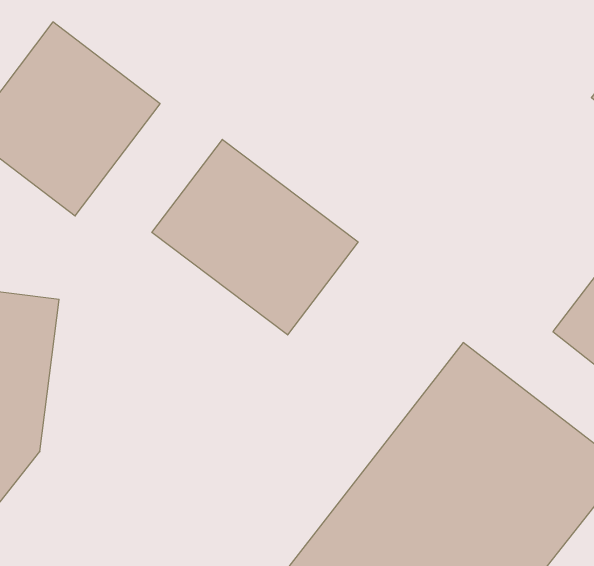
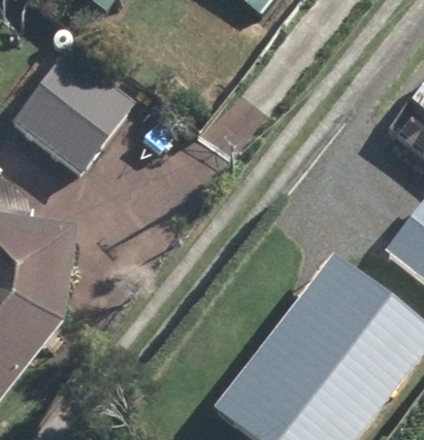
building: [152,139,358,335] -> none

